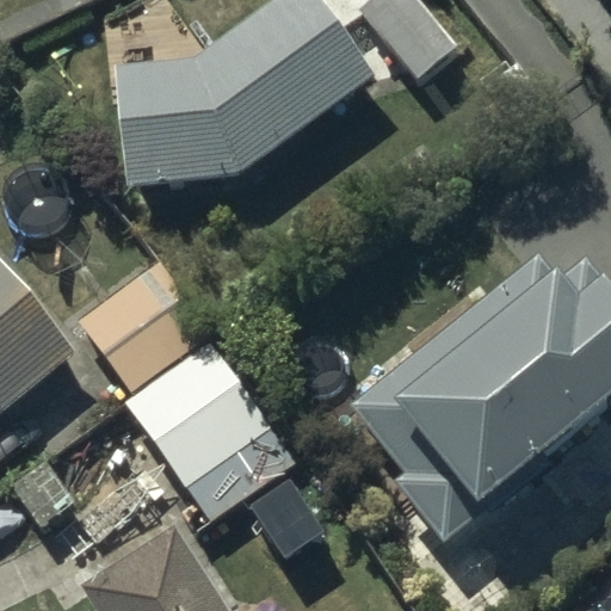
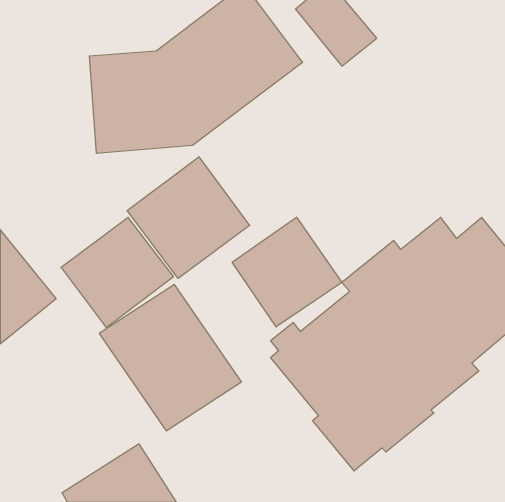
building: none -> [127,157,250,278]
building: none -> [232,217,342,327]

